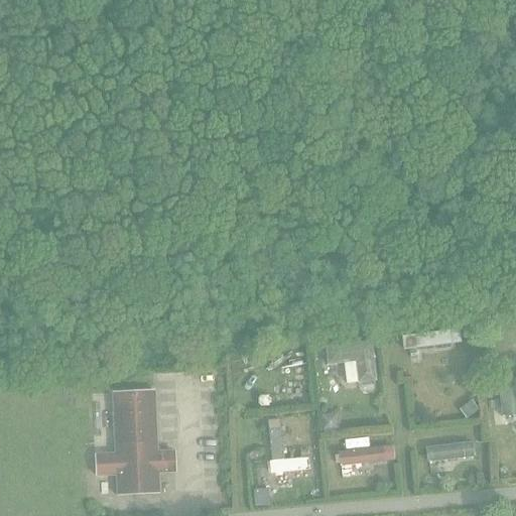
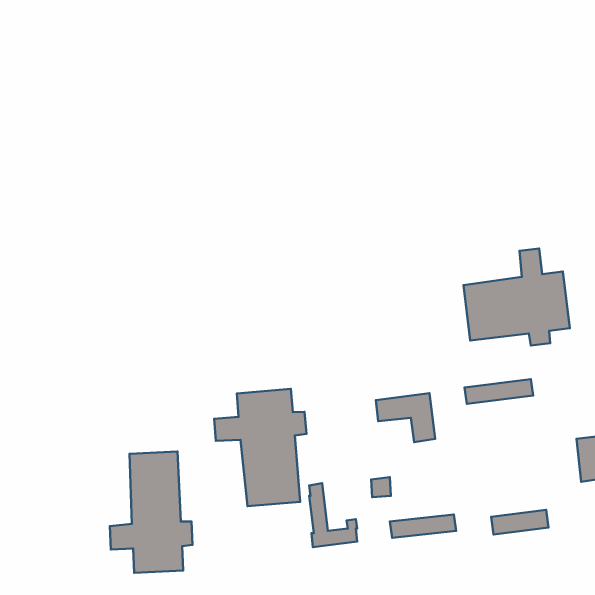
building: none -> [463,249,570,345]
building: none -> [214,389,306,506]

